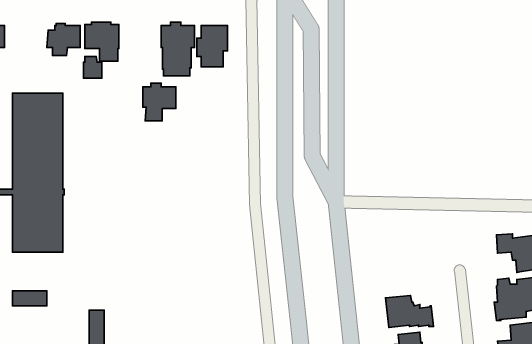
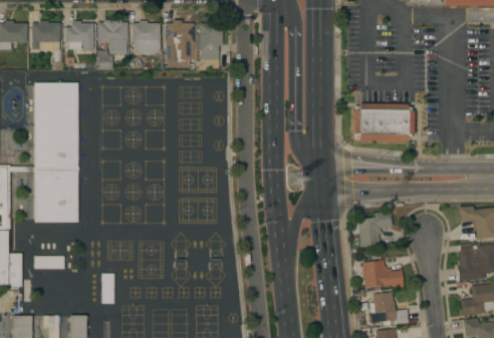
building: none -> [32,20,60,49]
building: [143,83,176,121] -> [132,20,161,53]
building: none -> [352,103,414,140]
building: none -> [356,211,393,247]

